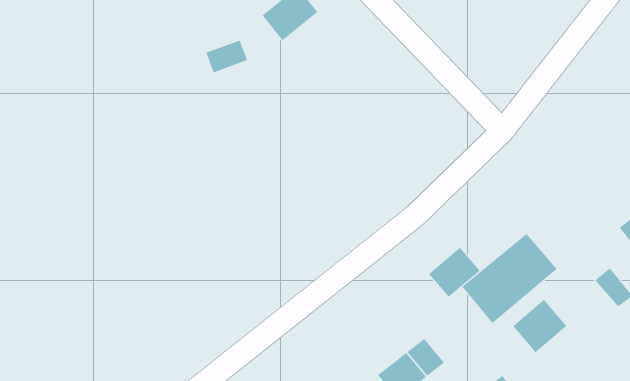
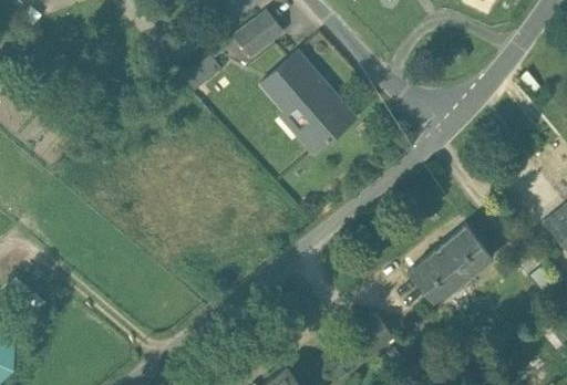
building: none -> [268,53,355,154]
building: [428,247,480,298] -> none
building: [513,299,567,353] -> none

